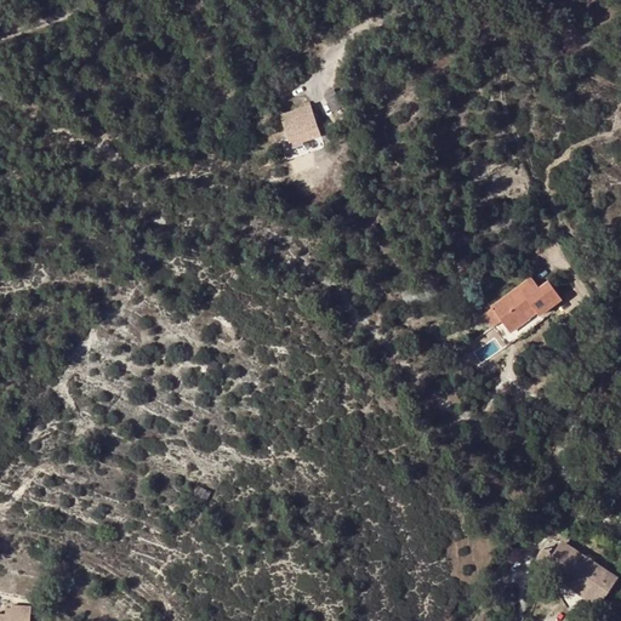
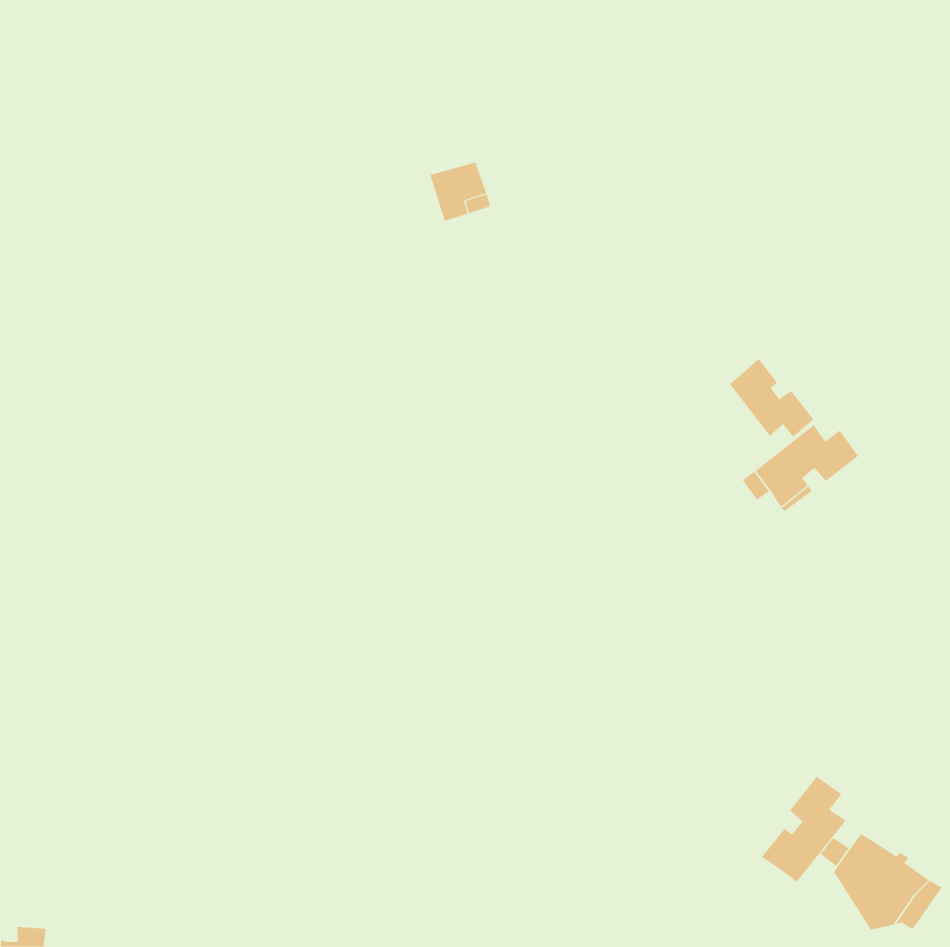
building: none -> [729,358,814,438]
building: none -> [761,776,846,882]

